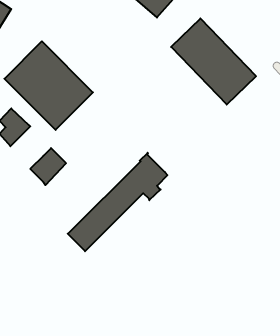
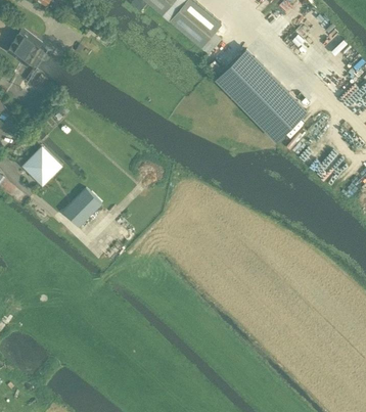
building: [4,41,93,130] -> none
building: [68,153,167,251] -> none

